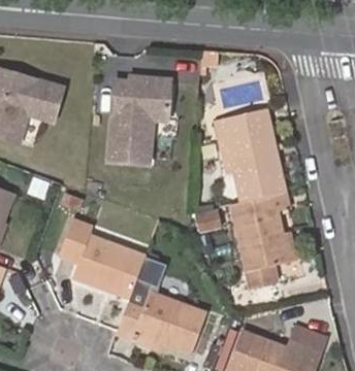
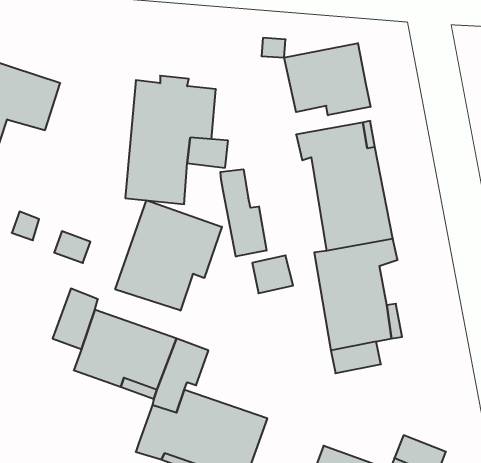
building: none -> [284,43,370,115]
building: none -> [220,169,267,257]
building: none -> [115,200,222,311]

